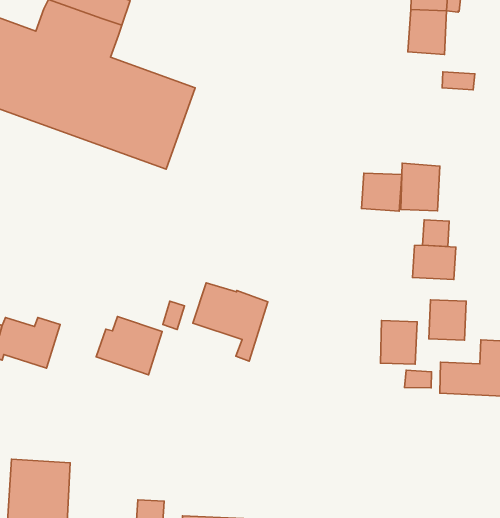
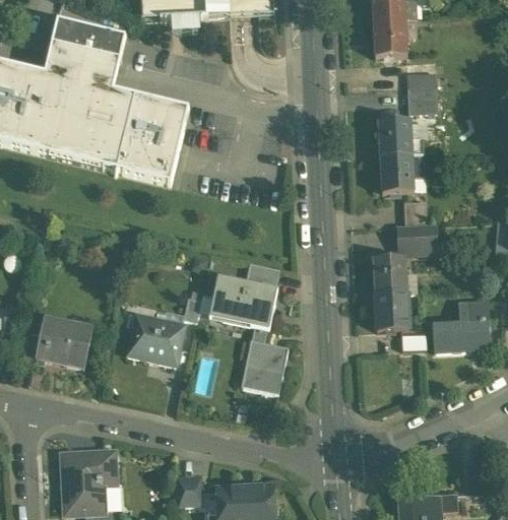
building: none -> [407,83,436,110]
building: [361,173,402,211] -> [378,121,412,154]
building: none -> [245,260,278,288]
building: [429,300,466,340] -> [373,258,406,295]
building: none -> [240,339,285,392]

